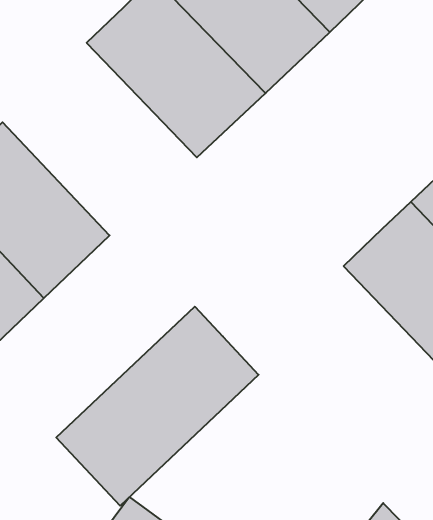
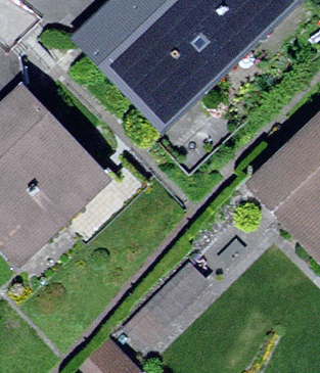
building: [56,307,259,506] -> none

